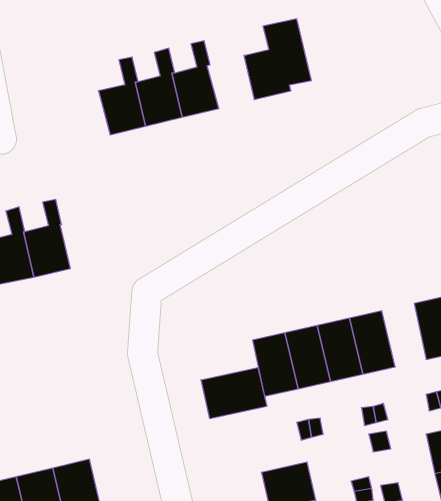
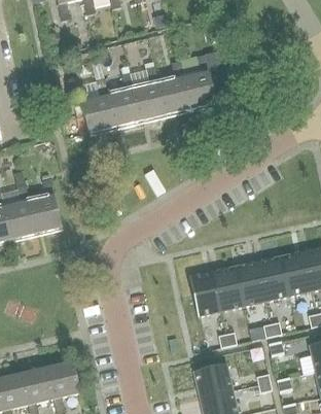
building: none -> [155,61,188,114]
building: none -> [278,251,309,296]
building: [201,367,267,419] -> none

